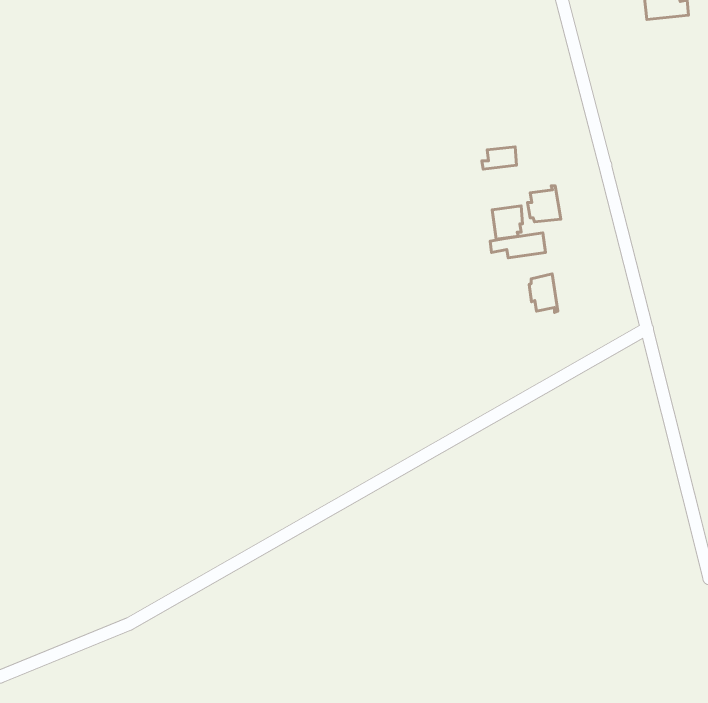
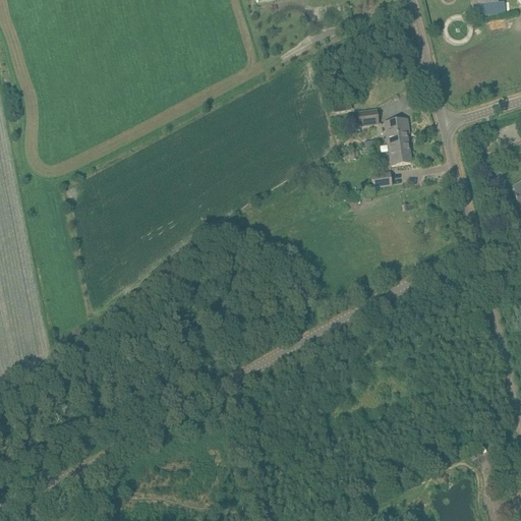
building: [492,206,523,239] -> [387,117,409,141]
building: [529,274,558,312] -> none

